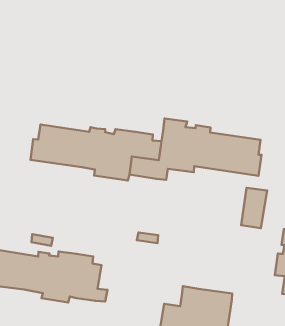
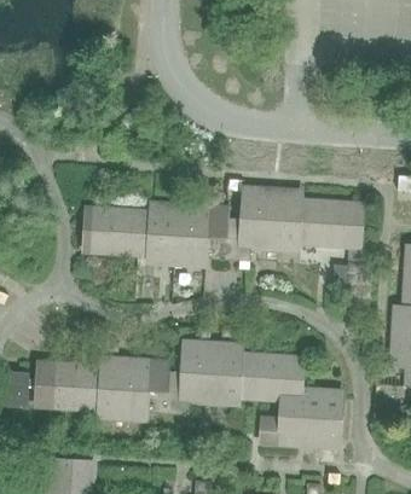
building: none -> [179,339,301,401]

